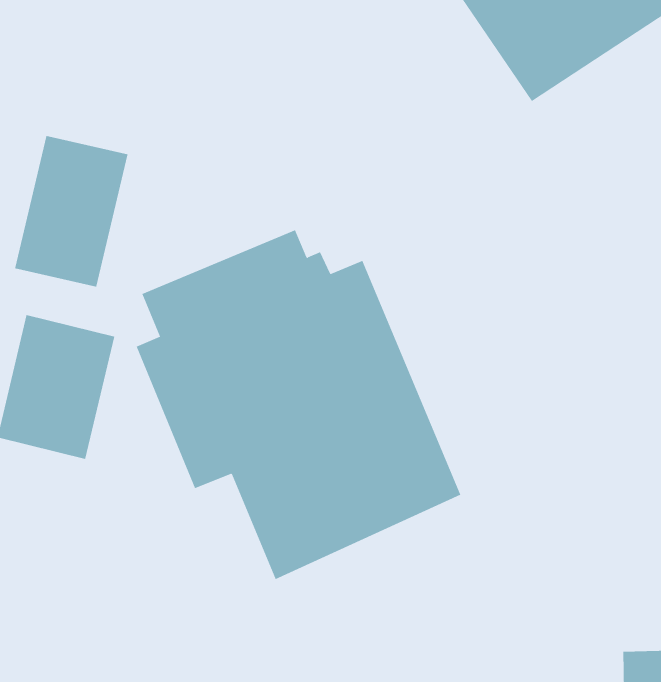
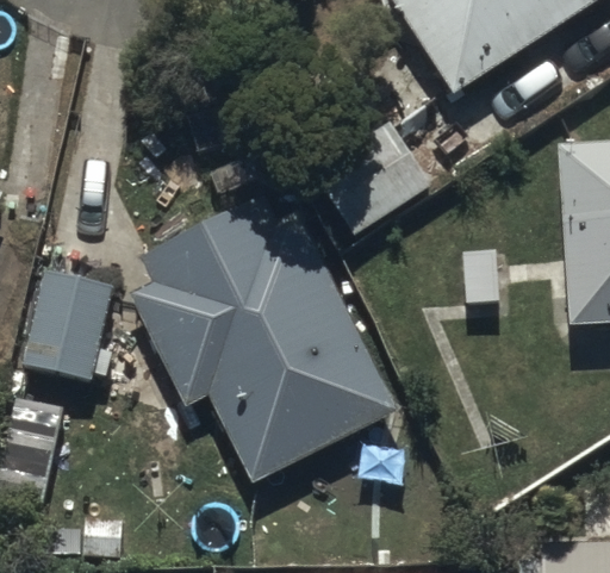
building: [14,135,128,287] -> none

